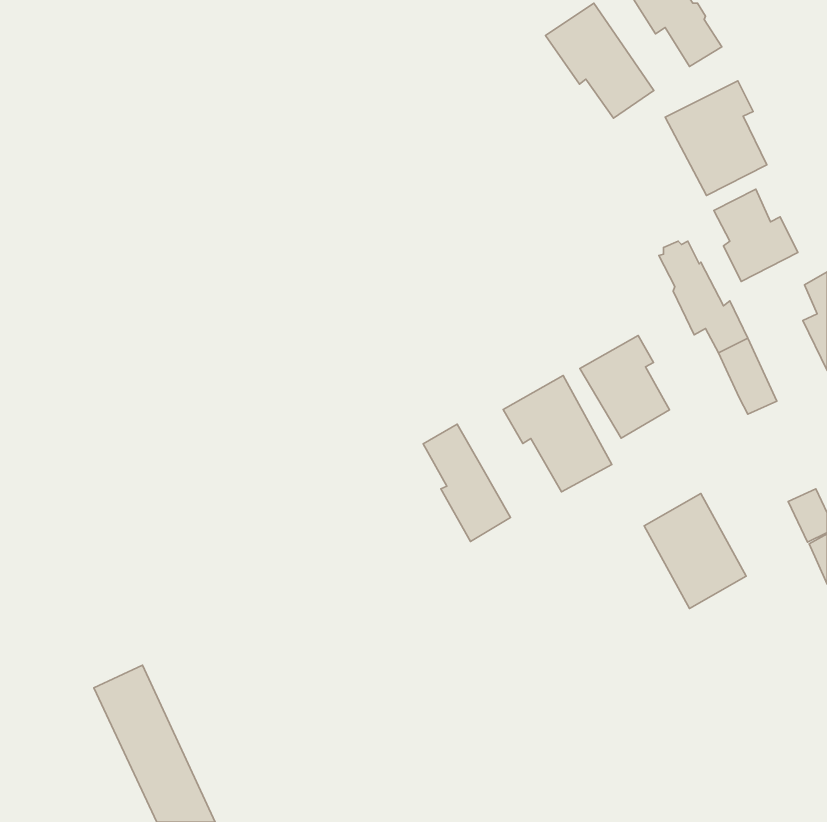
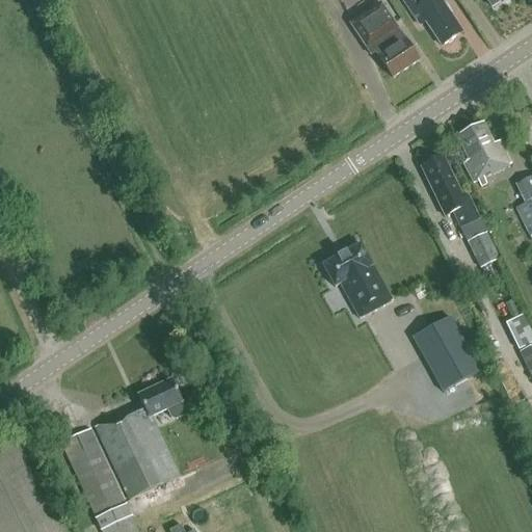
building: [665,81,767,196] -> none
building: [580,335,669,438] -> none
building: [423,424,510,541] -> none
building: none -> [95,378,186,498]

